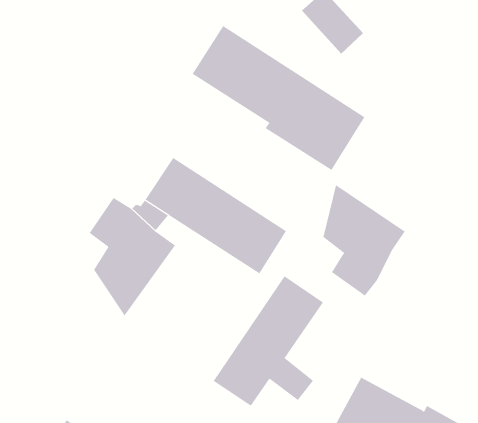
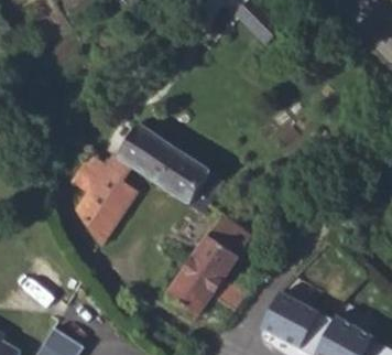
building: [192,25,365,171] -> none
building: [323,184,406,296] -> none

